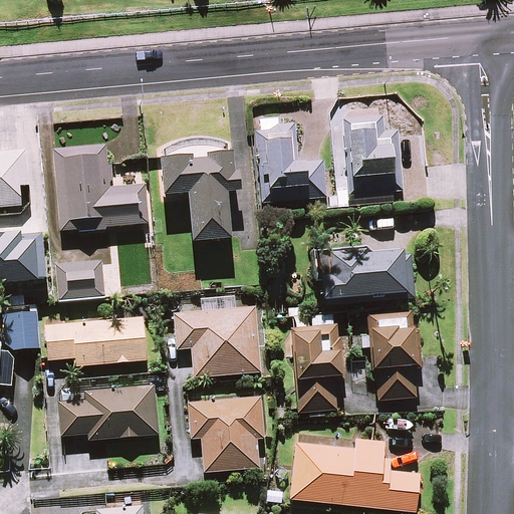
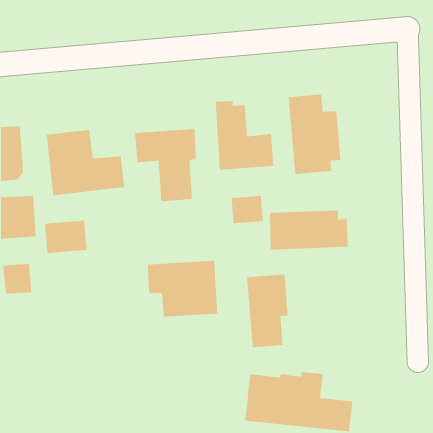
building: none -> [231,195,264,224]
building: [367,309,424,401] -> none
building: [45,317,146,365] -> none
building: [60,384,157,439] -> none
building: [188,397,263,471] -> none

